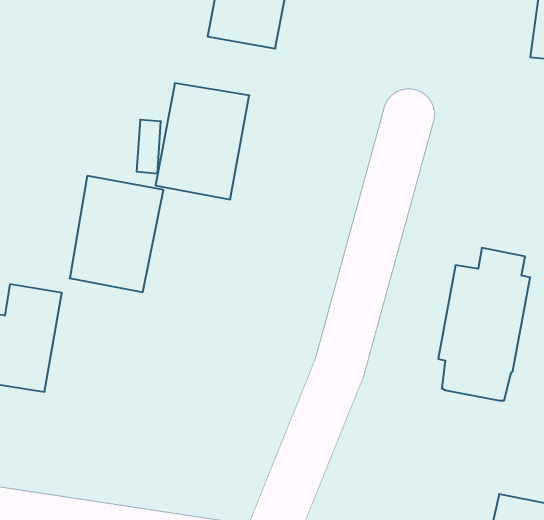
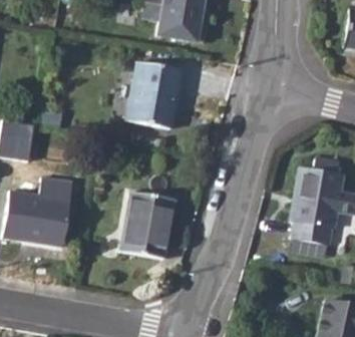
building: [70,176,163,292] -> [121,191,175,258]

